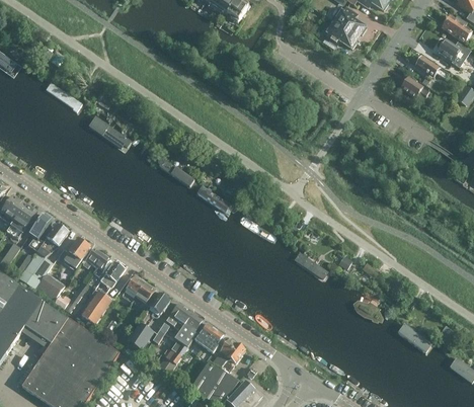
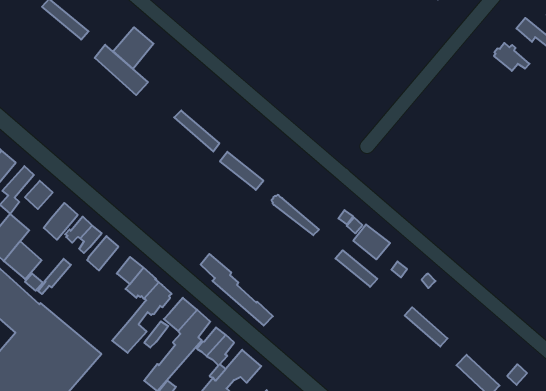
building: none -> [113,27,154,69]
building: none -> [353,224,390,259]
building: none -> [201,254,273,326]
building: [80,291,111,325] -> none

